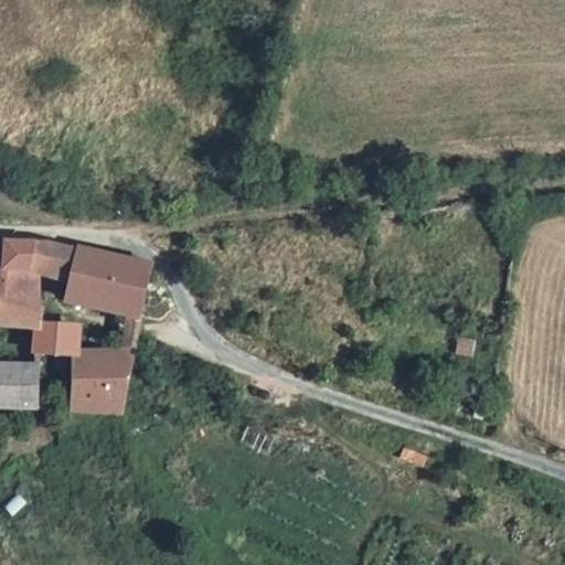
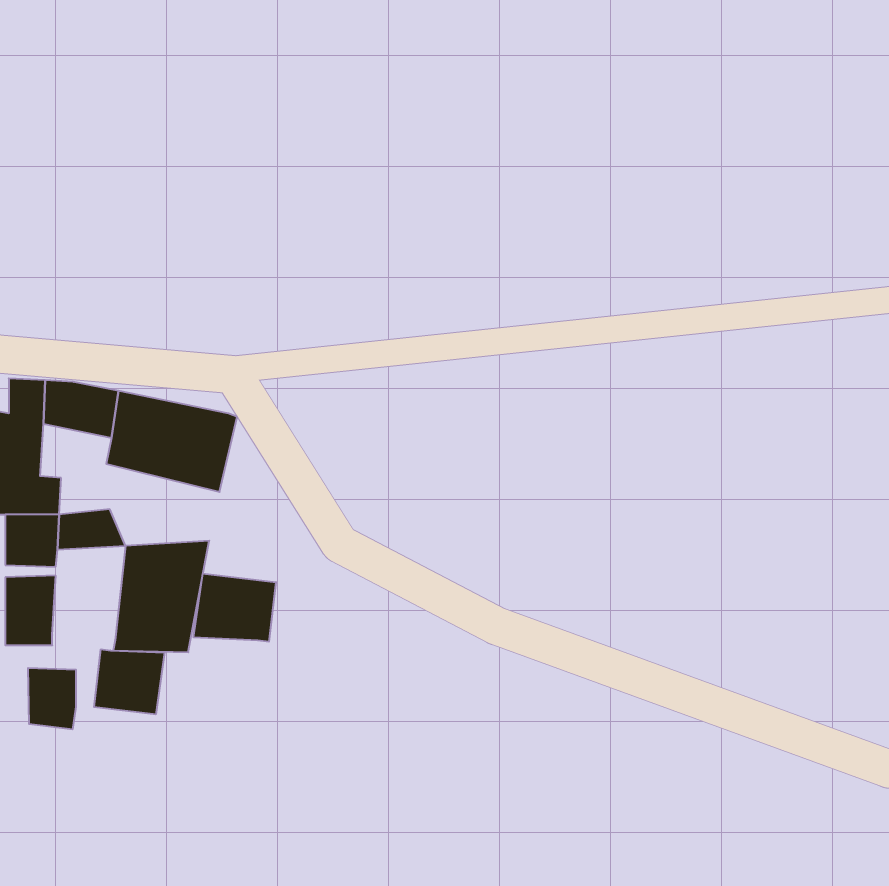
building: none -> [194,574,276,642]
building: none -> [94,649,165,714]
building: none -> [28,668,76,729]

